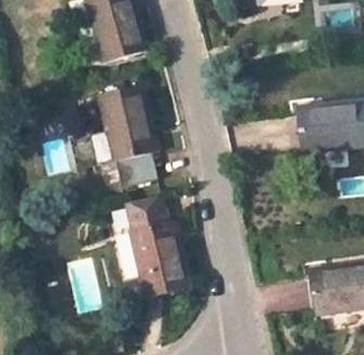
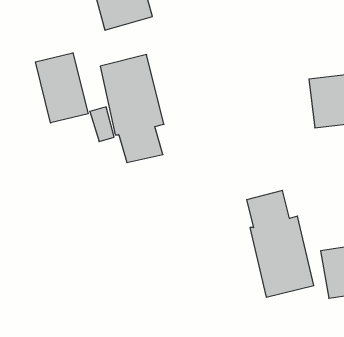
building: none -> [35,53,88,123]
building: [124,196,187,296] -> [247,190,314,297]

